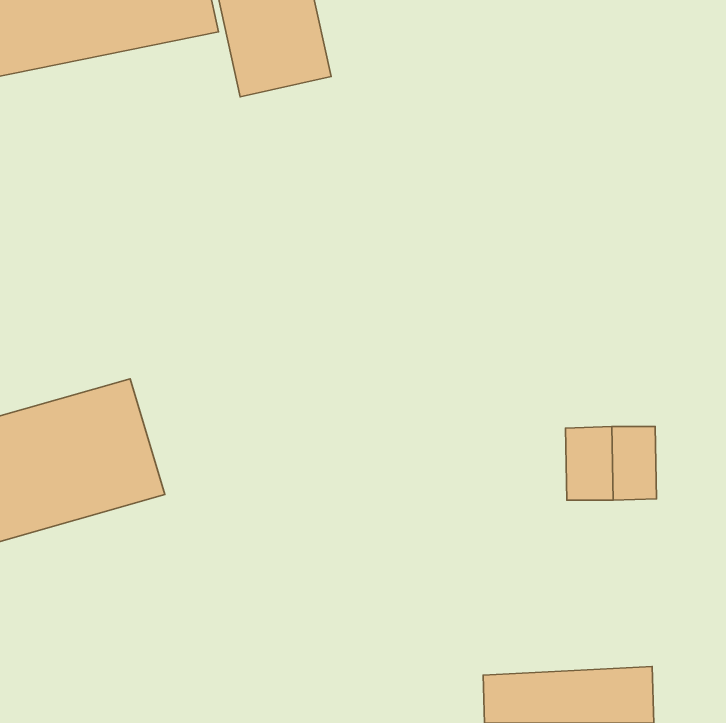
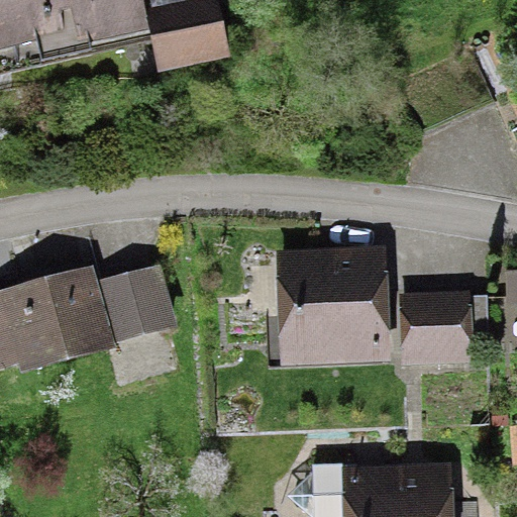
building: none -> [271,248,371,343]
building: none -> [102,265,177,343]

